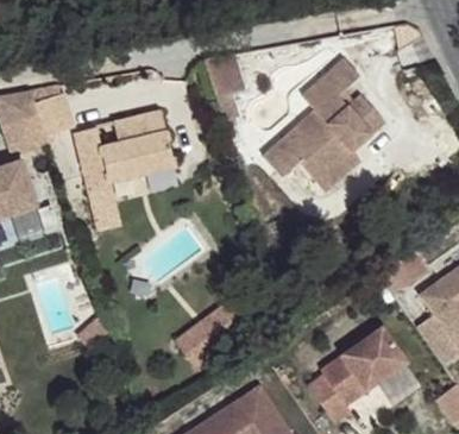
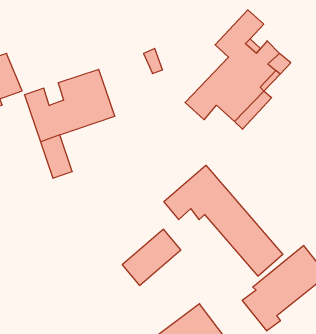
building: none -> [164,165,283,276]

